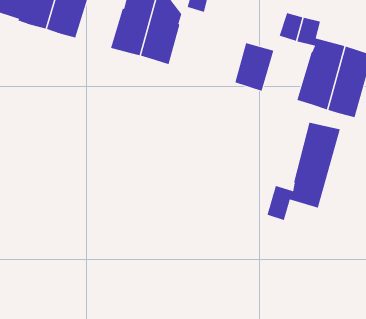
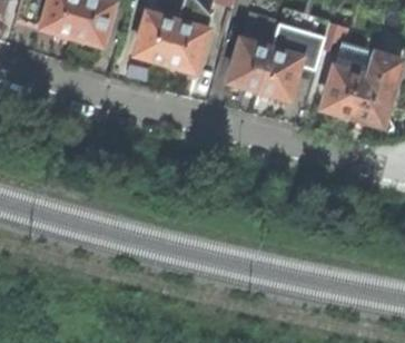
building: none -> [228,12,279,88]
building: [267,122,341,221] -> none

